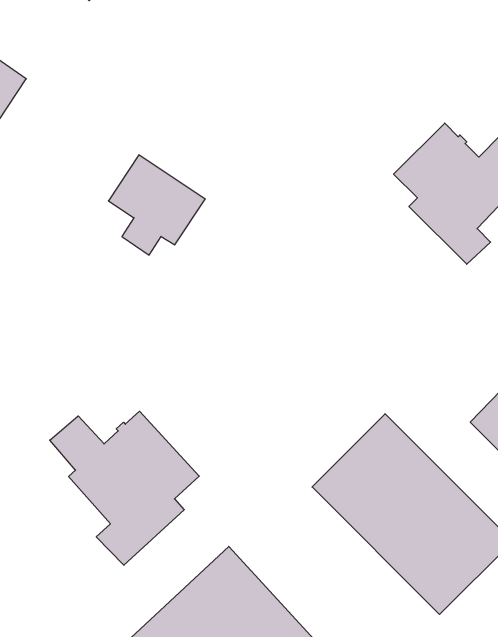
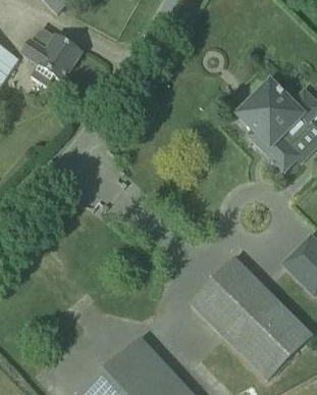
building: [108,155,205,255] -> [22,26,81,86]
building: [50,411,199,565] -> none

